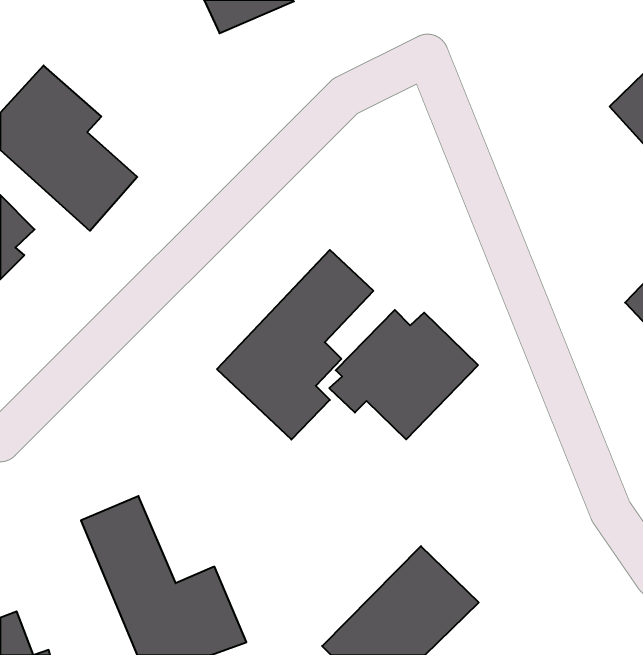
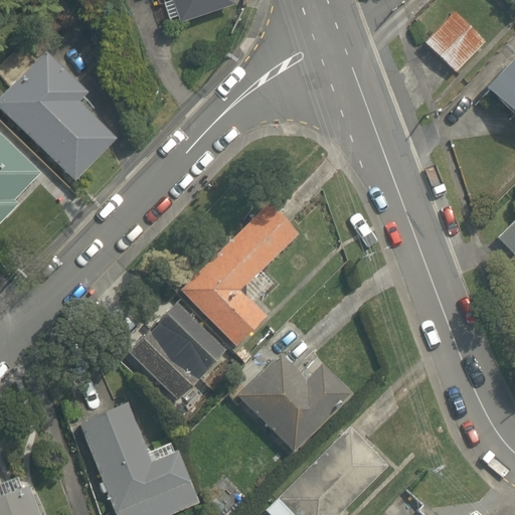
building: none -> [423,10,487,72]
building: [329,310,478,439] -> [231,351,348,453]
building: none -> [123,301,226,403]

